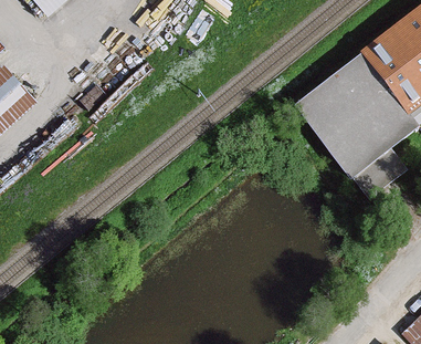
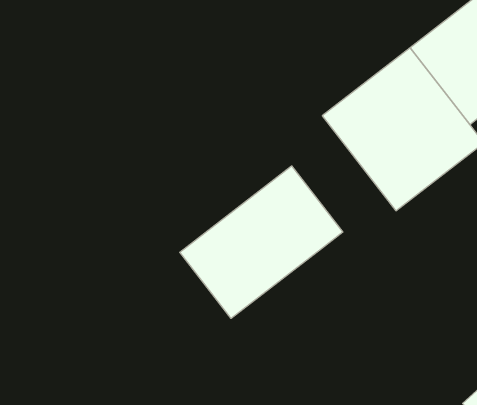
building: none -> [180,166,343,318]

